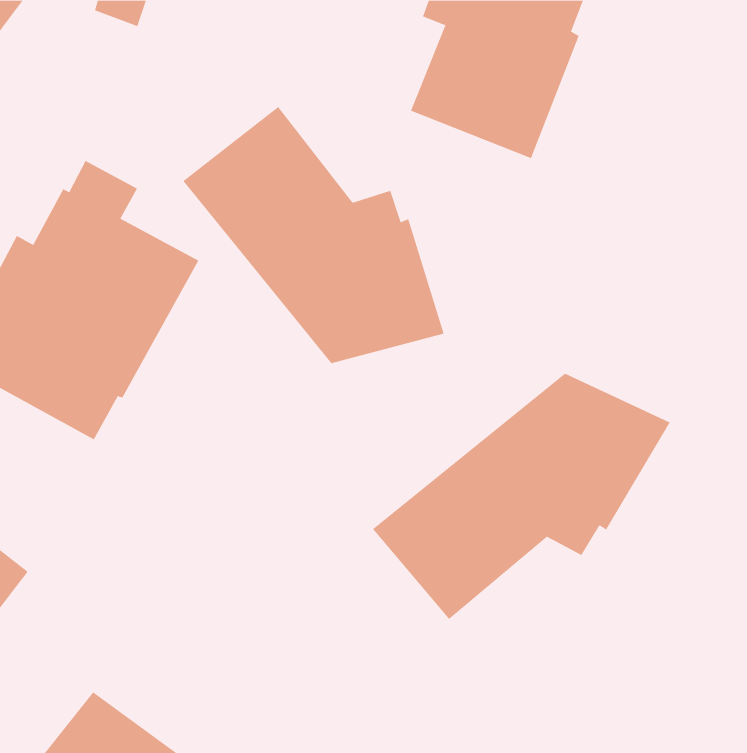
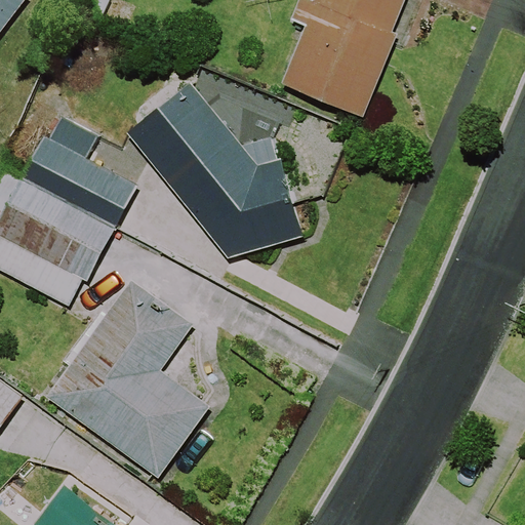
building: [372,373,671,620] -> none
building: none -> [44,279,208,478]

